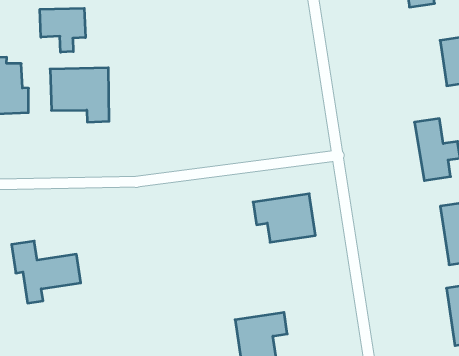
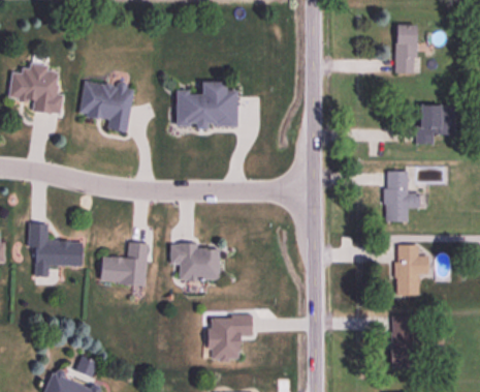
building: [40,8,85,52] -> none
building: none -> [175,82,236,127]
building: [253,194,315,242] -> [170,245,219,281]
building: none -> [100,242,148,285]

